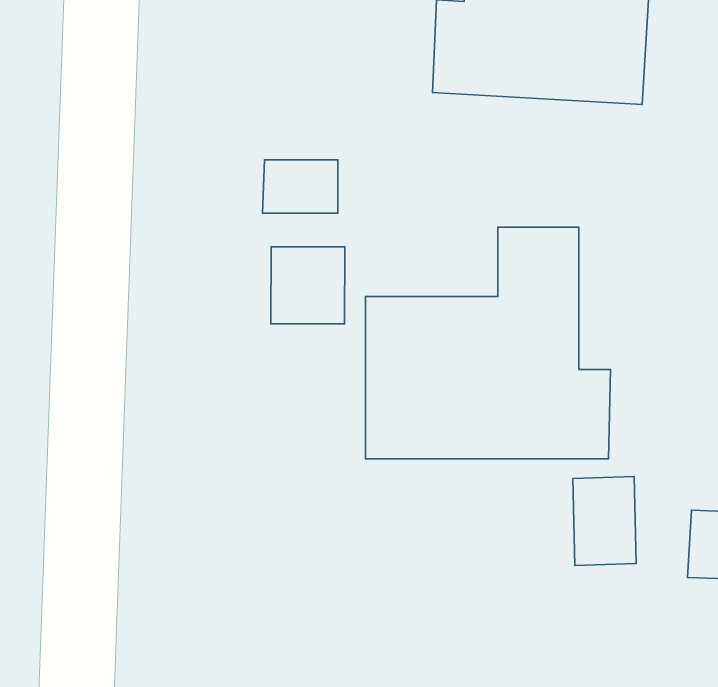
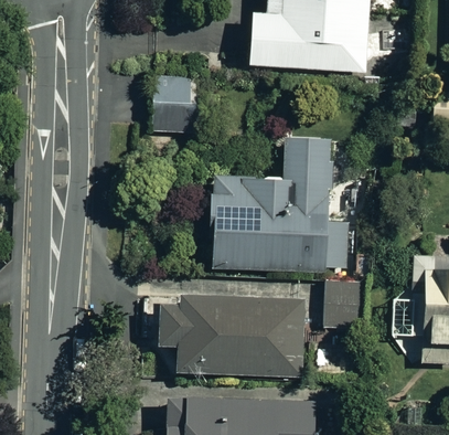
building: [271,247,345,324] -> none
building: none -> [159,298,306,375]

